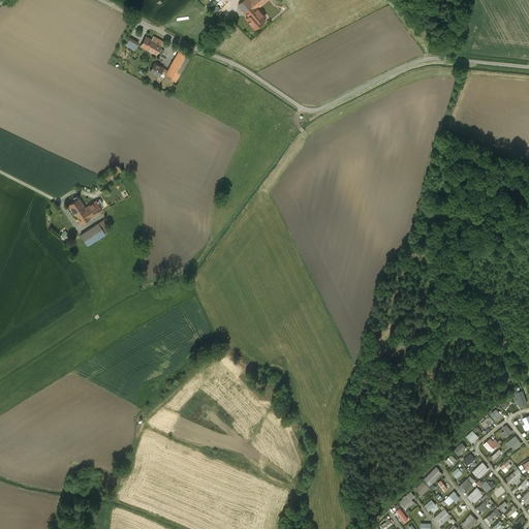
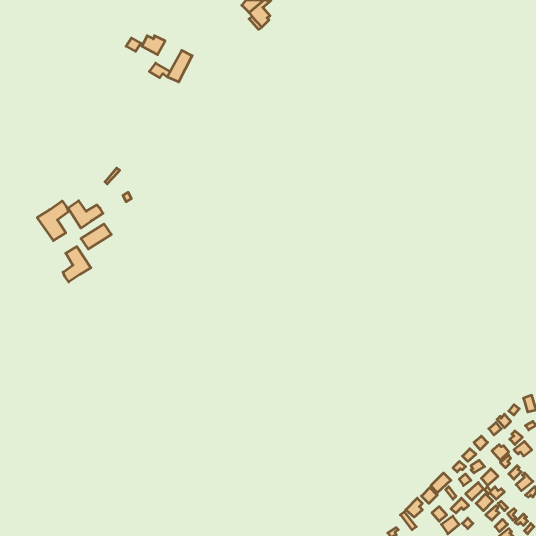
building: none -> [37,201,69,241]
building: none -> [63,247,91,282]

